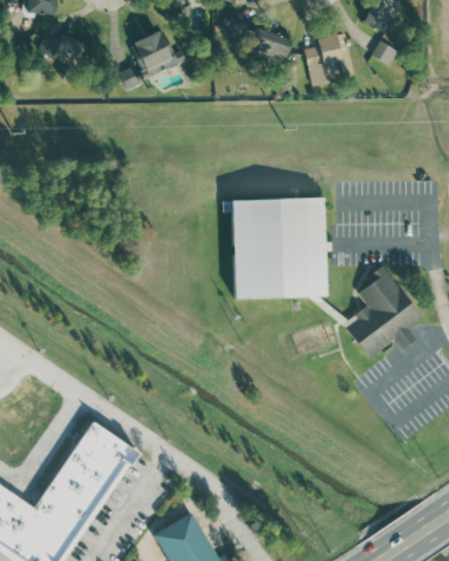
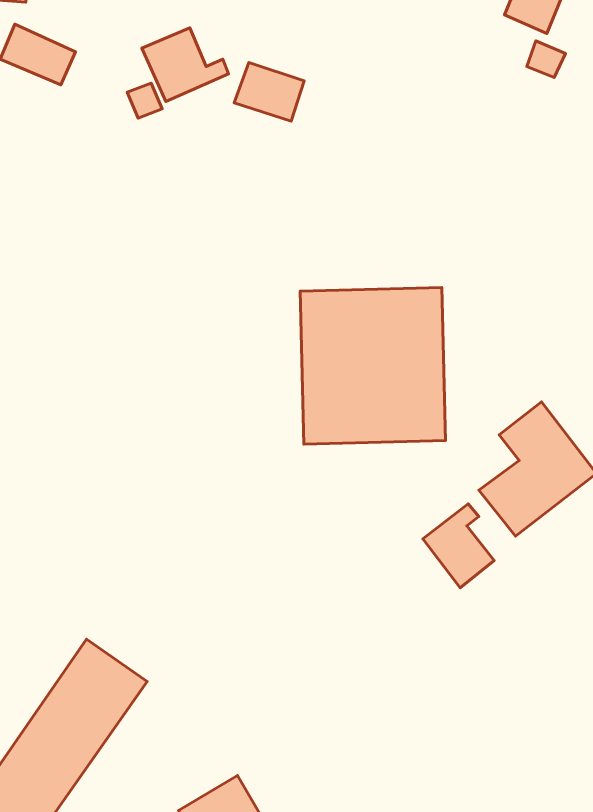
building: [246,25,291,63] -> [234,62,304,121]
building: [306,31,352,83] -> none
building: none -> [423,504,494,588]

